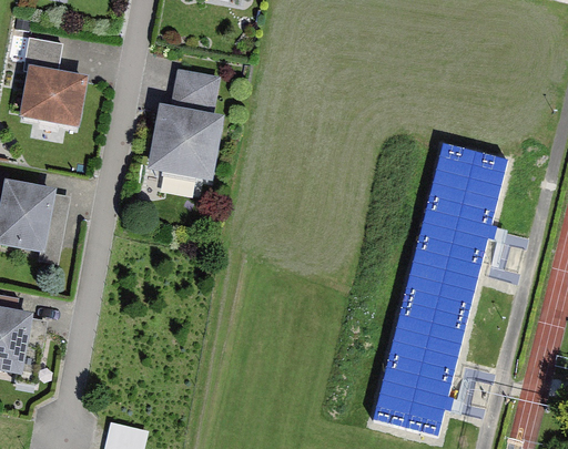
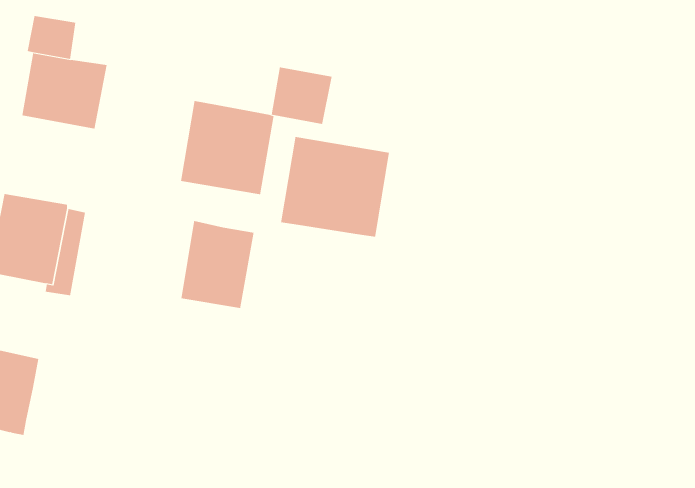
building: [170,67,220,113] -> [271,67,332,124]
building: none -> [280,136,389,237]
building: none -> [181,220,254,309]

